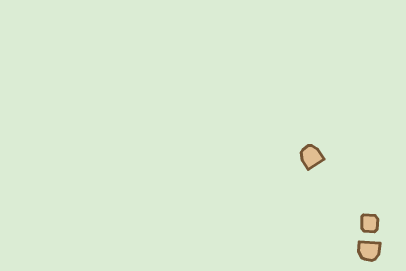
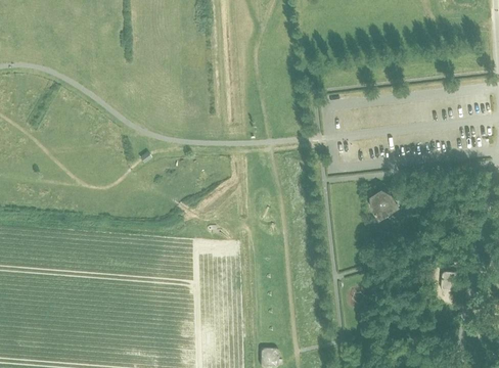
building: [358,242,380,261] -> none

